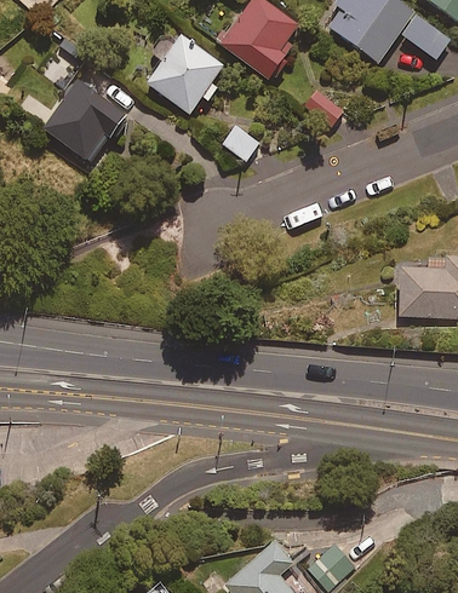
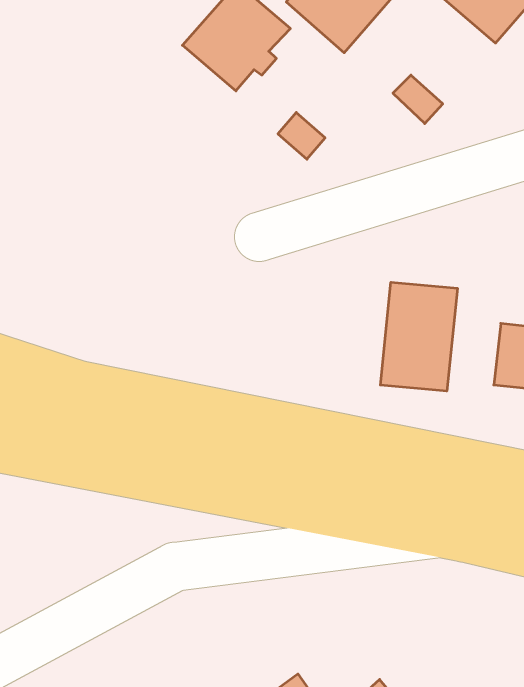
building: [42,82,124,161] -> none
building: none -> [380,282,457,391]

